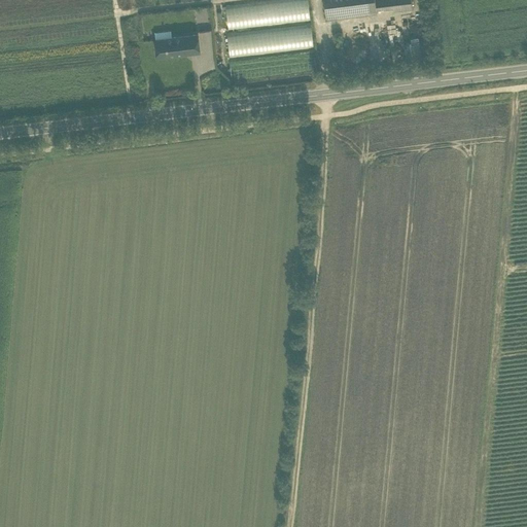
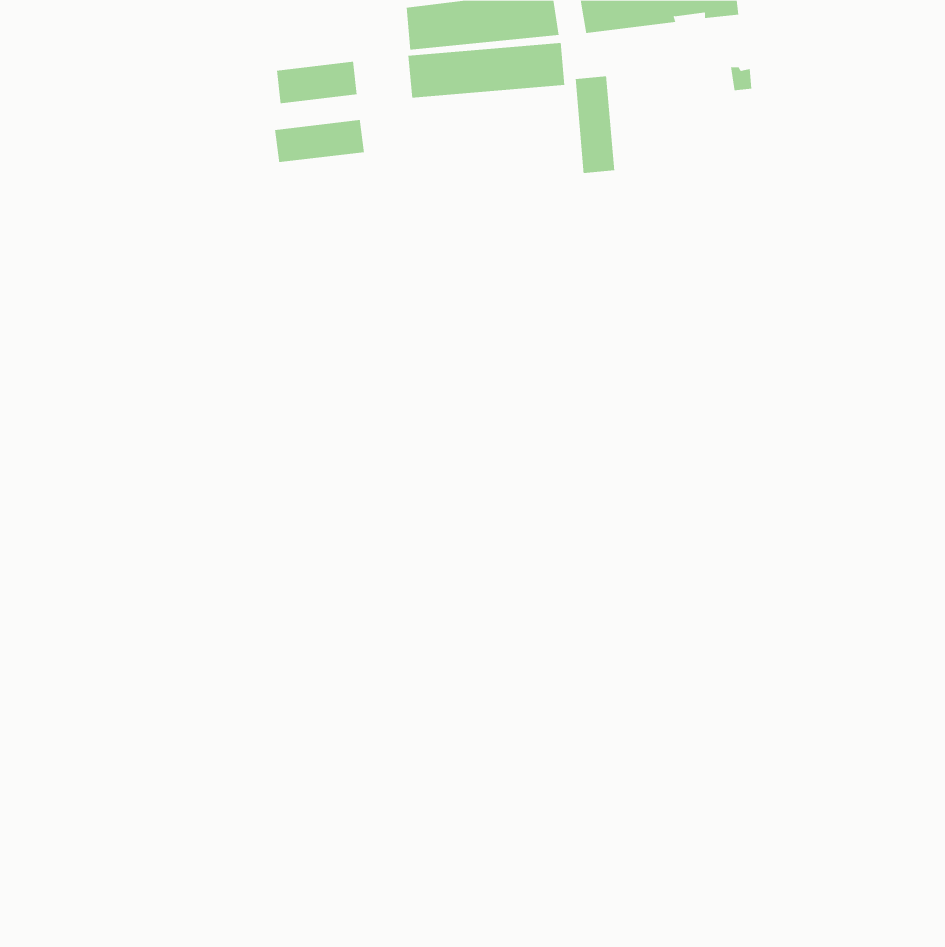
building: none -> [575,76,615,174]
building: none -> [274,119,364,163]

